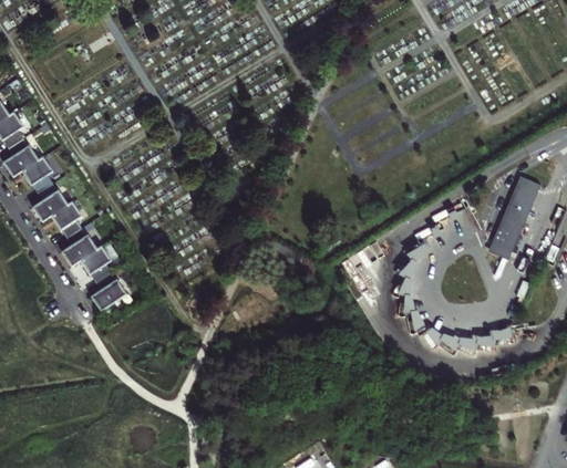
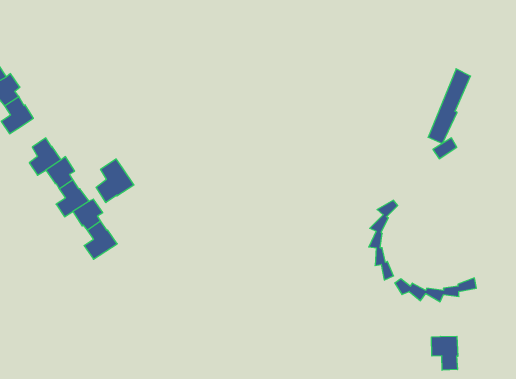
building: [21,156,52,190] -> none
building: [489,176,535,256] -> [428,69,471,143]
building: none -> [96,159,134,203]
building: none -> [432,336,458,370]

